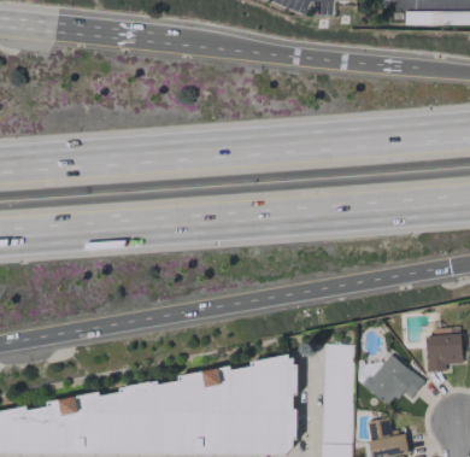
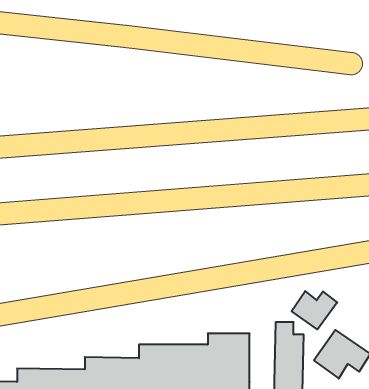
building: none -> [292,291,337,329]

